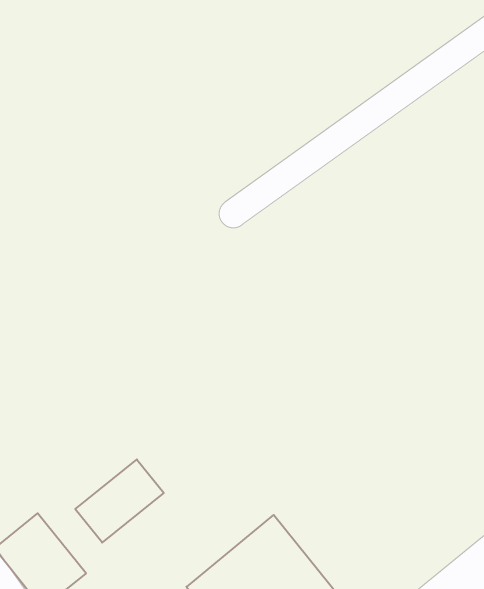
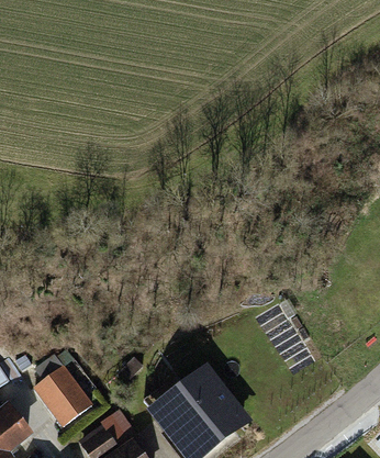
building: [75,459,164,543] -> none

